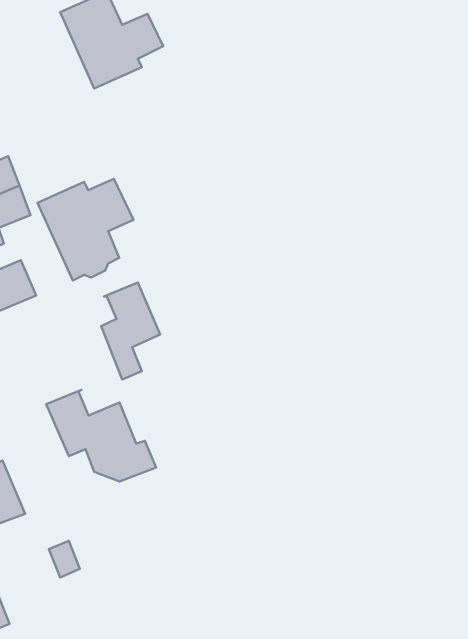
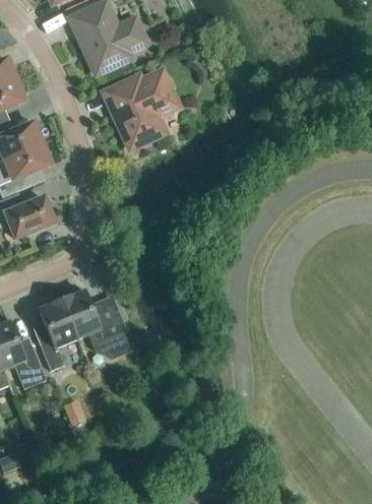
building: [38,179,133,280] -> [105,74,174,147]
building: [101,282,160,380] -> [35,300,77,370]

